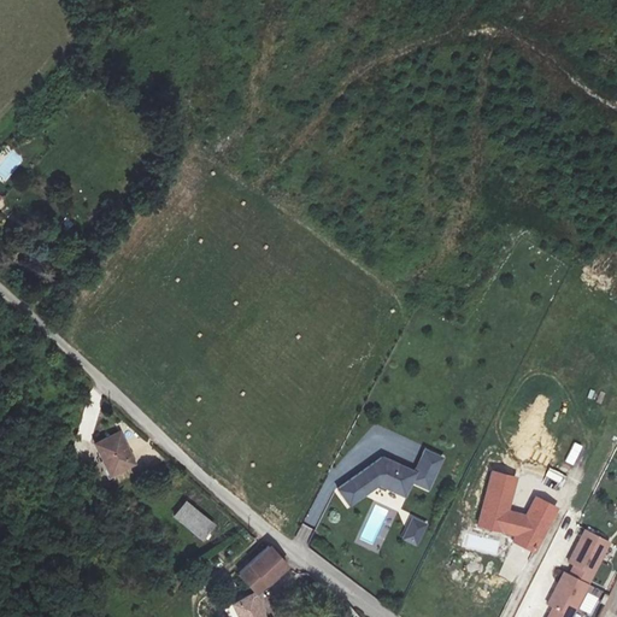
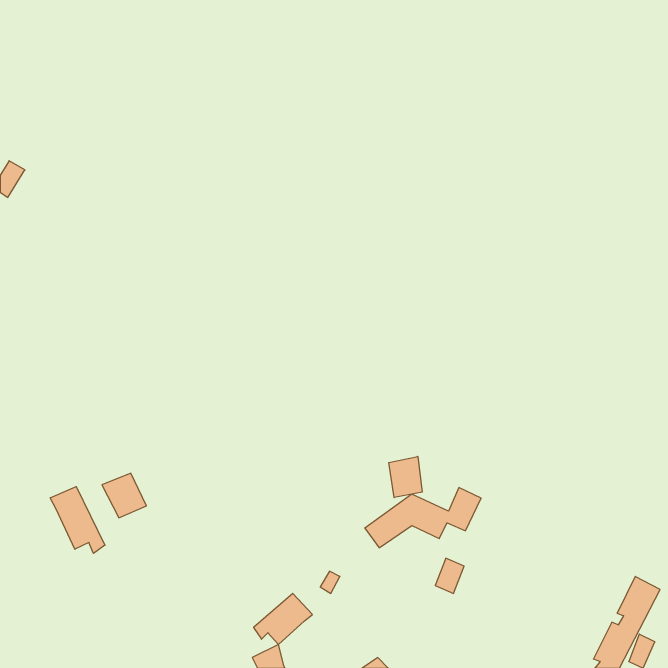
building: none -> [389,456,422,498]
building: none -> [50,487,105,553]
building: [478,474,557,553] -> none
building: [174,501,211,537] -> none

